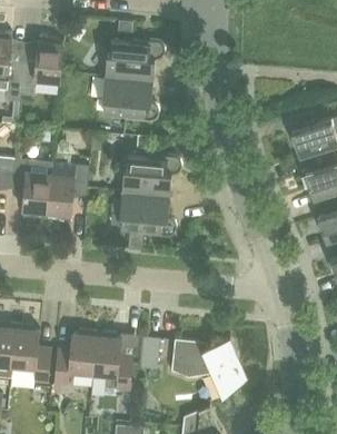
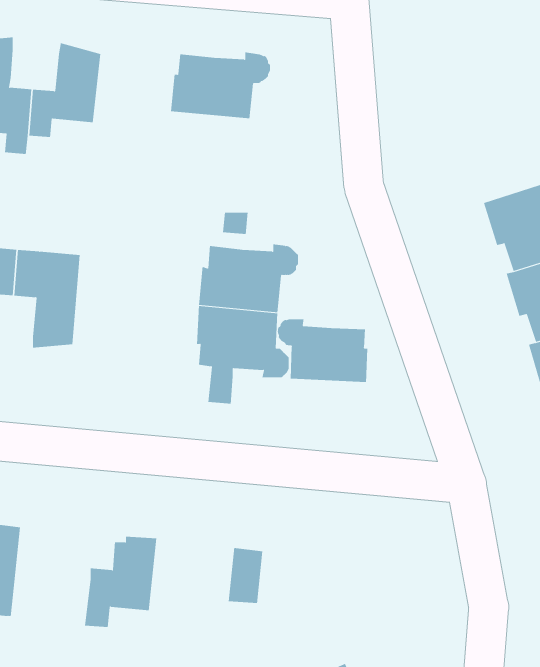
building: [101,77,158,121] -> none
building: [46,165,88,223] -> none
building: none -> [277,318,368,383]
building: [10,325,50,383] -> none
building: [91,332,131,391] -> none
building: [170,336,244,397] -> none

